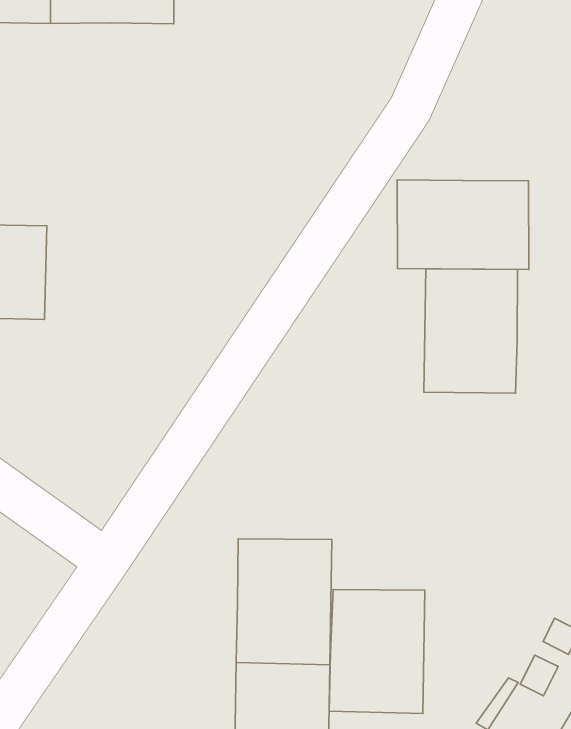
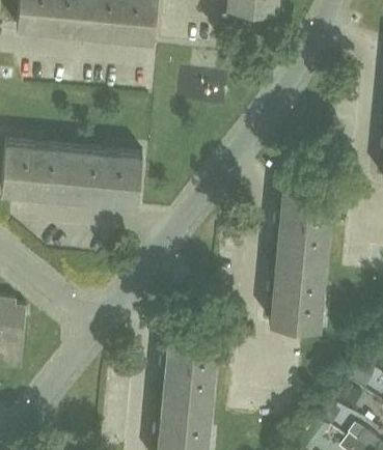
building: [397,180,529,270] -> none
building: none -> [70,145,143,203]
building: [329,589,425,714] -> [270,253,328,326]

